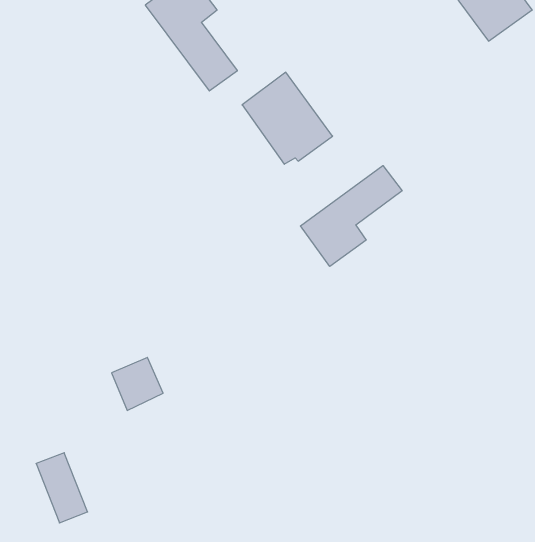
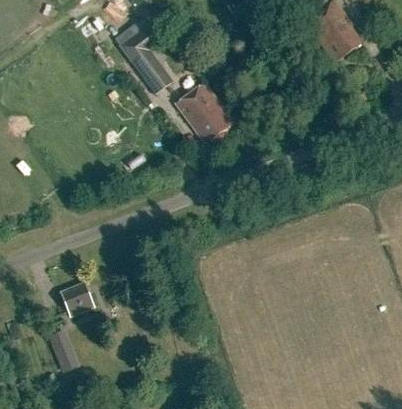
building: [300,166,402,266] -> none
building: [112,357,163,410] -> [61,285,94,319]

